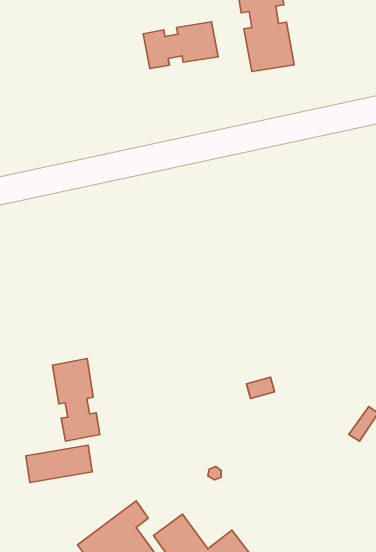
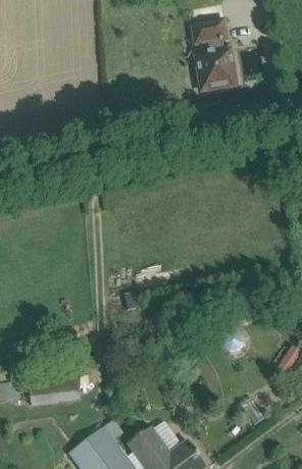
building: [143,22,218,69] -> none
building: [53,359,100,441] -> none

